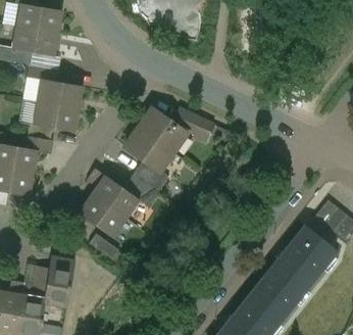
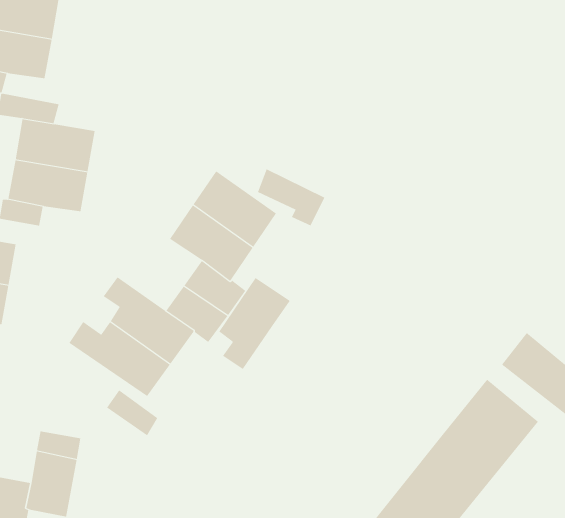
building: none -> [218,277,290,370]

